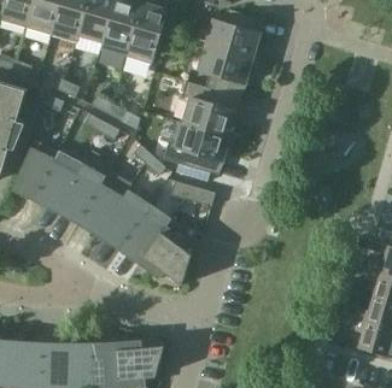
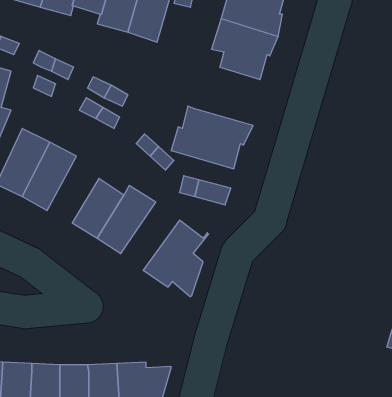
building: [181,81,240,137] -> none
building: [55,164,105,222] -> none
building: [119,204,170,263] -> none

